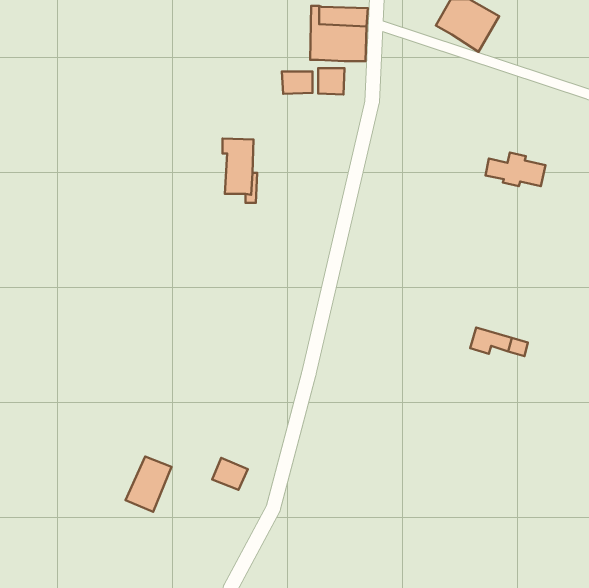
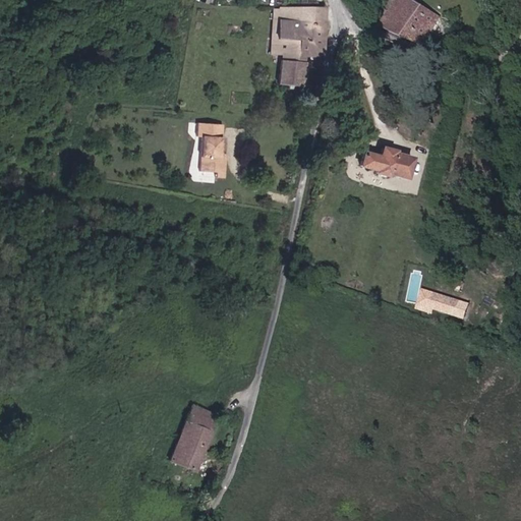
building: [282,72,313,94] -> none
building: [485,153,545,186] -> [361,147,414,176]
building: [126,456,172,512] -> [170,423,211,472]

